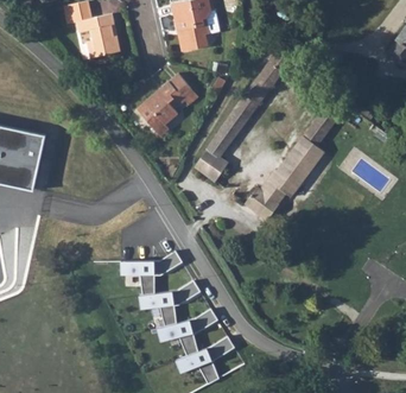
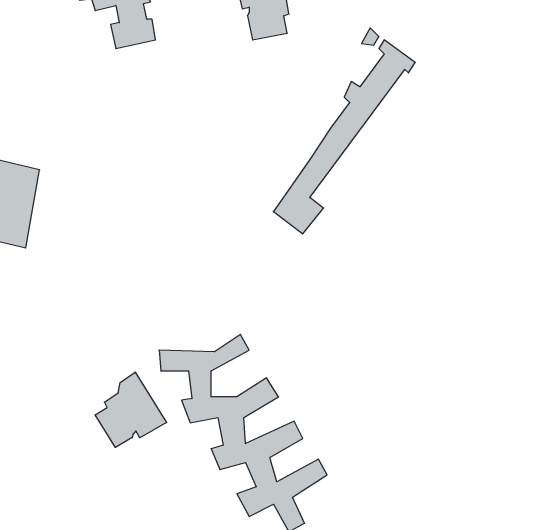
building: [138,72,190,137] -> none
building: [247,95,350,221] -> none
building: none -> [95,372,167,447]

